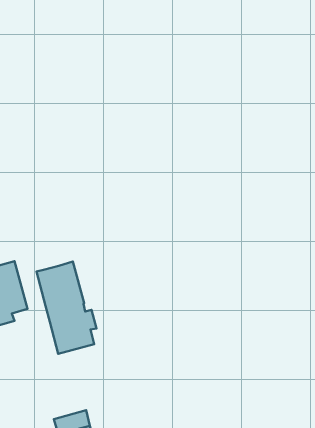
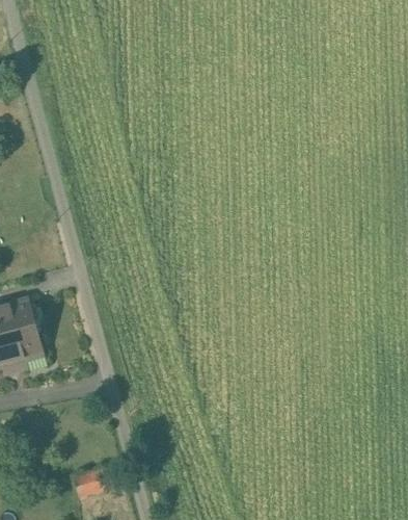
building: [36,261,96,354] -> none

